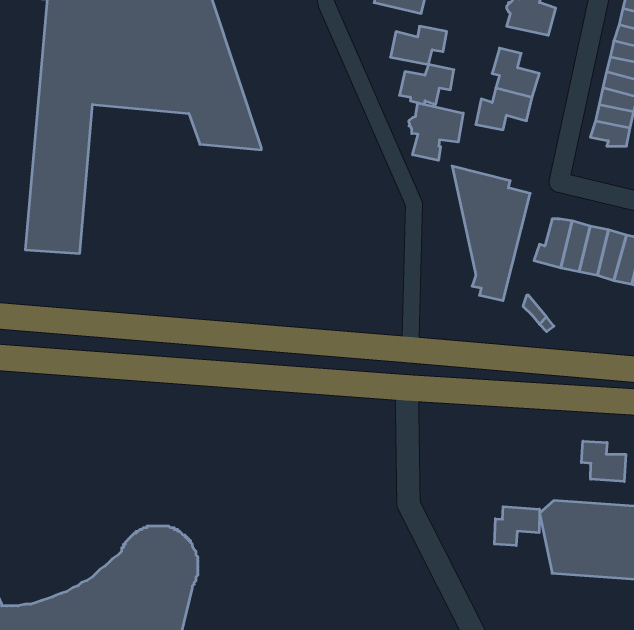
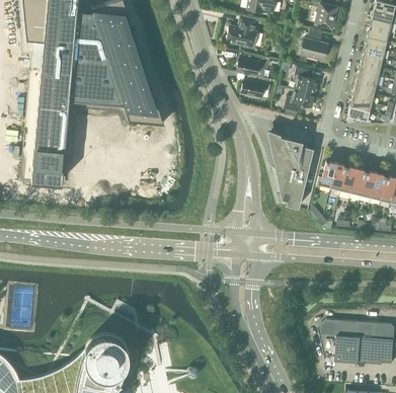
building: [409,103,463,160] -> none
building: [581,441,626,482] -> none
building: [494,507,539,546] -> none

